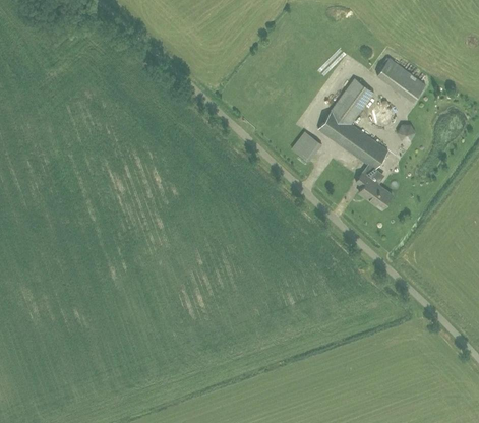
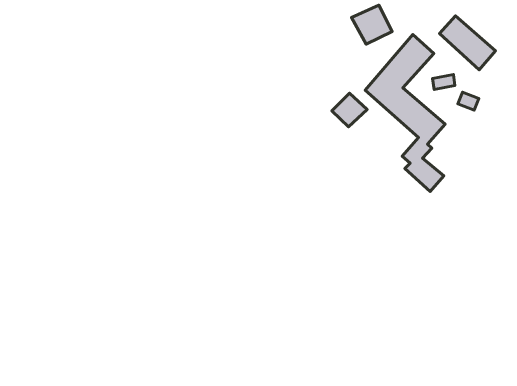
building: none -> [351,5,392,44]

